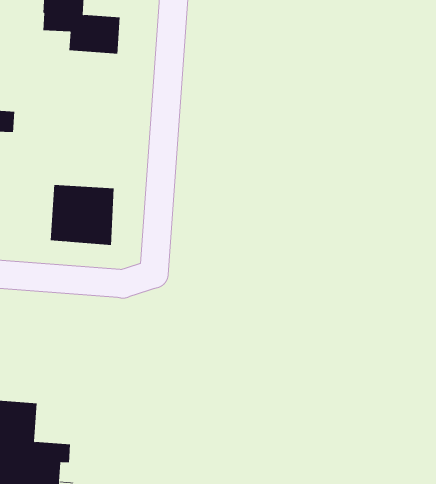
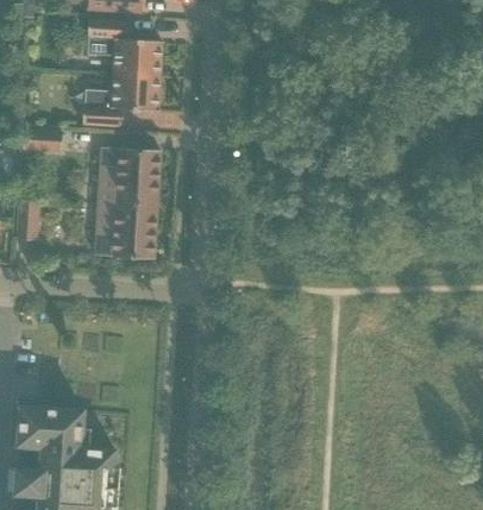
building: none -> [82,74,159,127]
building: none -> [98,147,159,206]

